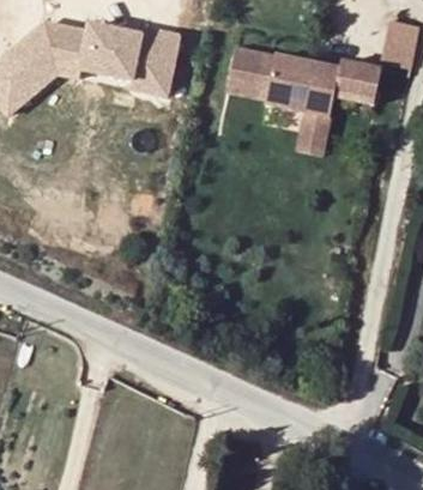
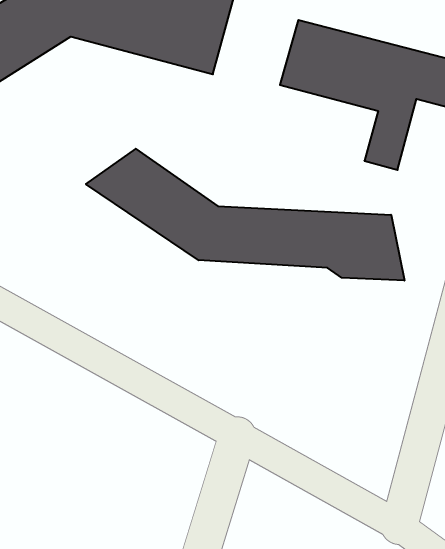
building: none -> [86,149,404,281]

